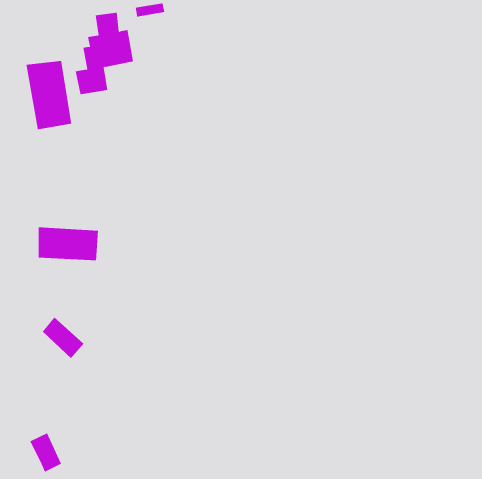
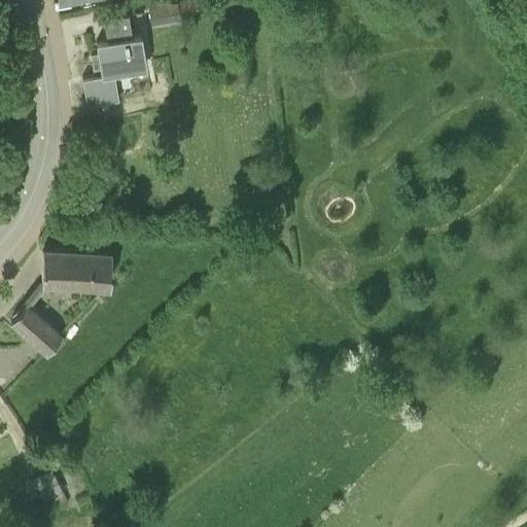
building: [26,60,72,130] -> none
building: [42,316,84,359] -> [13,309,60,355]

